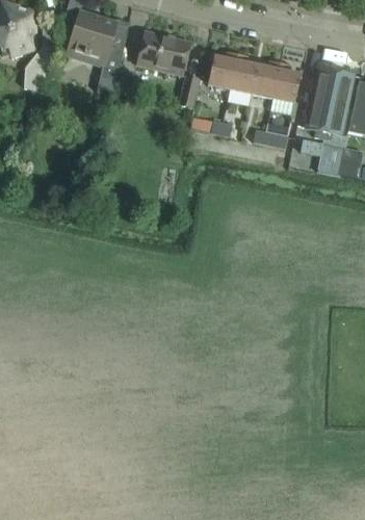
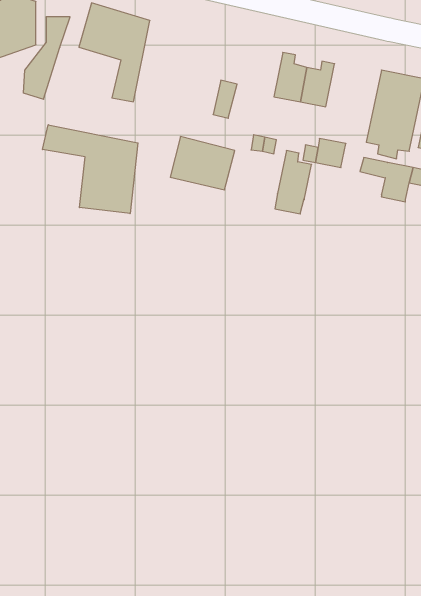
building: [136,31,189,75] -> [170,137,235,190]
building: [207,51,236,89] -> none
building: [269,62,299,114] -> [275,151,312,214]
building: none -> [43,125,138,214]

